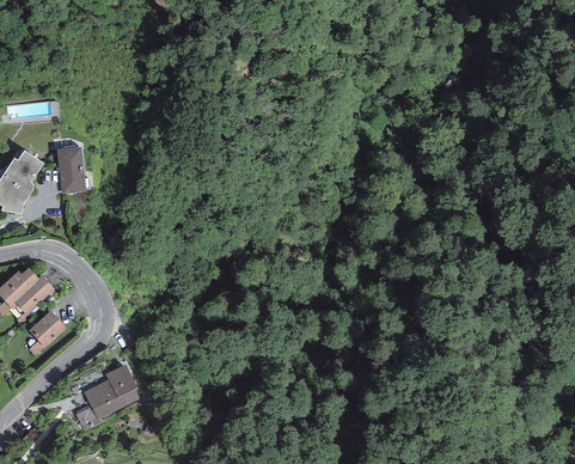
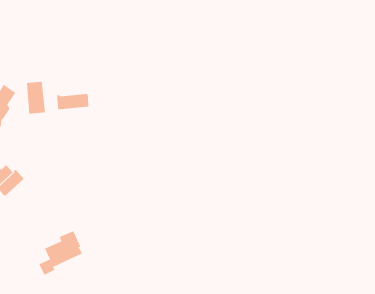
building: none -> [56,93,89,110]
building: [29,310,67,355] -> none

